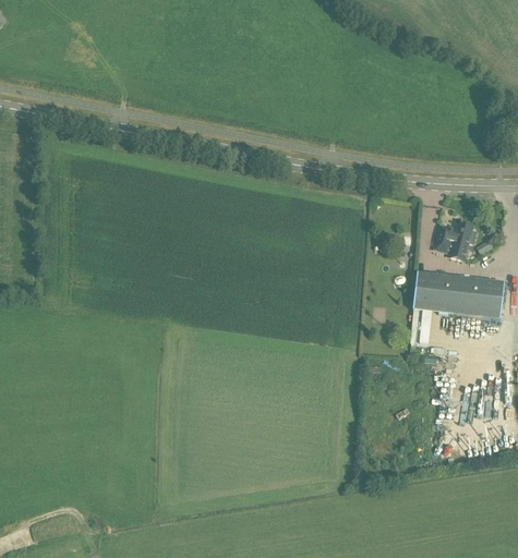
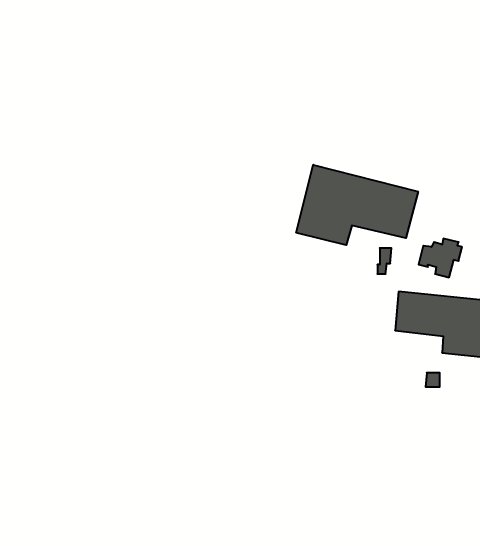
building: none -> [296,165,418,245]

